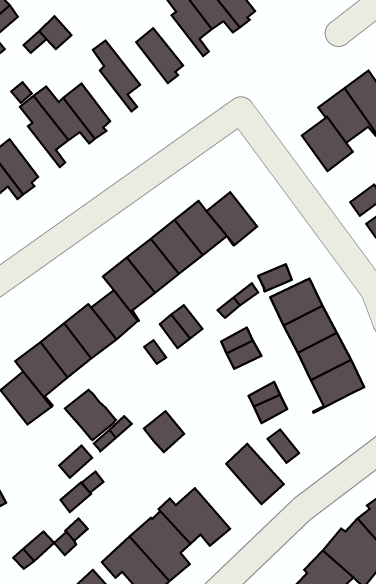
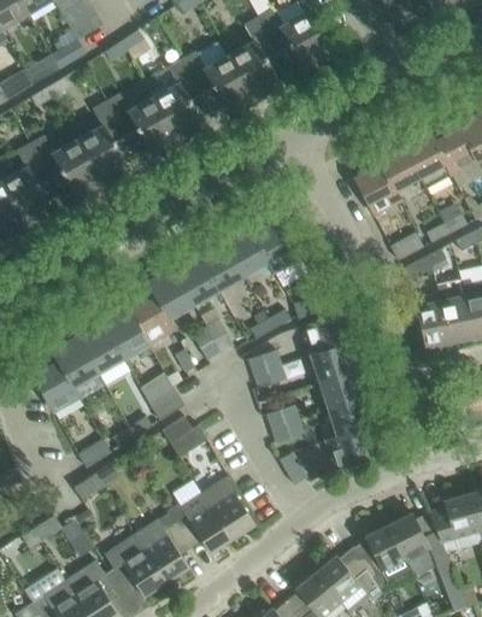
building: none -> [229,45,272,94]
building: none -> [182,52,235,112]
building: none -> [153,87,196,136]
building: none -> [77,129,120,178]
building: [65,390,116,440] -> [137,372,184,421]
building: none -> [325,428,375,469]
building: [226,444,284,504] -> [202,480,254,539]

